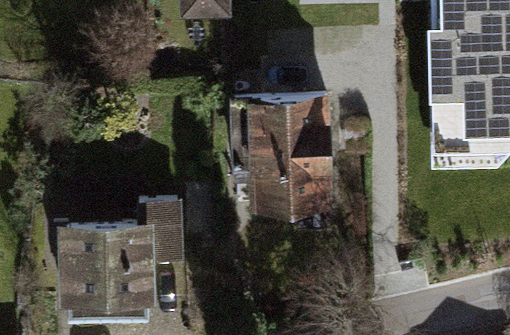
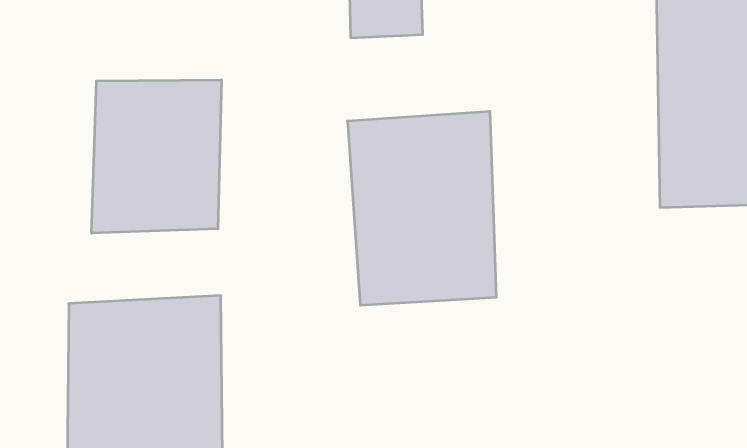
building: none -> [92,80,221,233]

